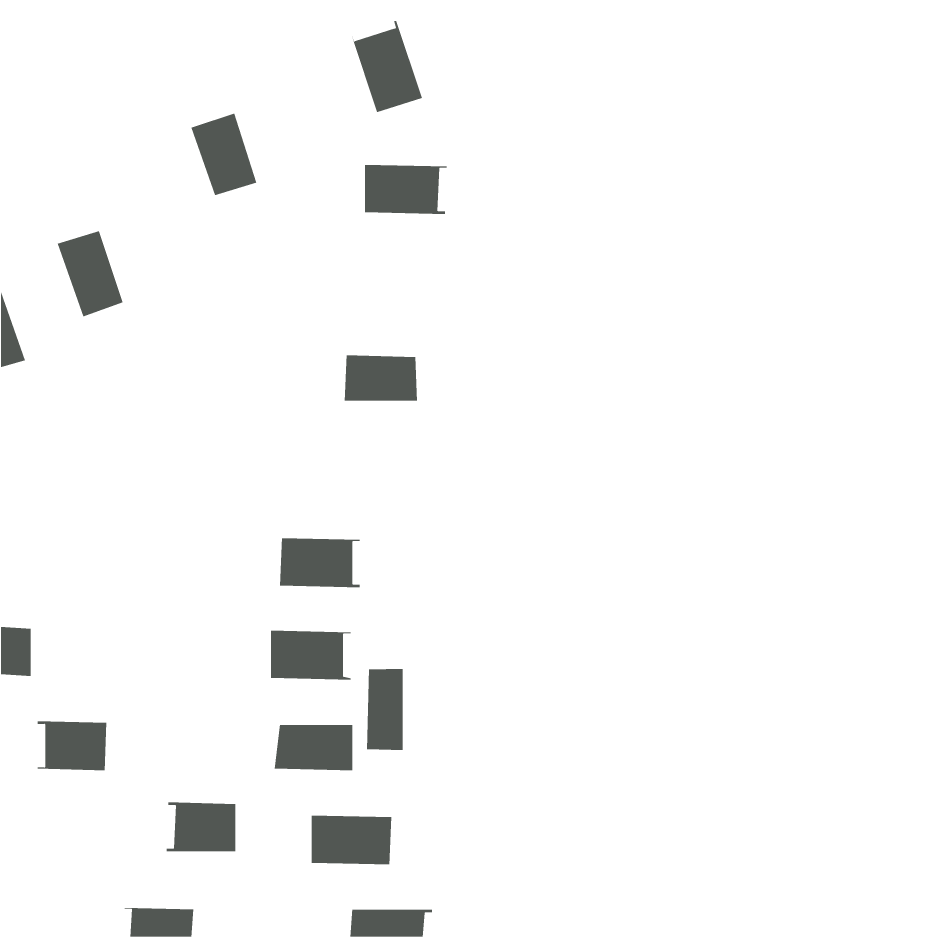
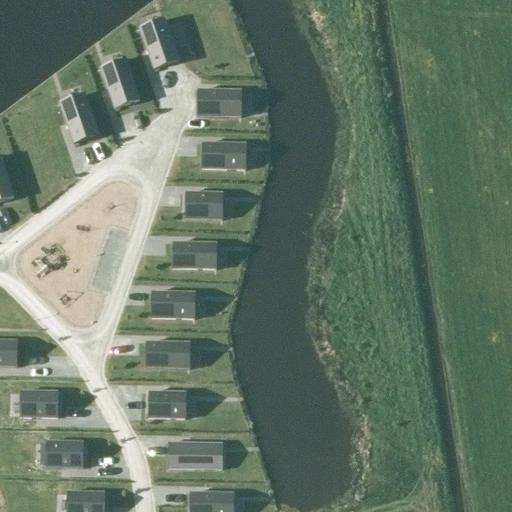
building: [351,21,423,113] -> [140,18,179,68]
building: [57,230,123,317] -> [61,94,97,141]
building: none -> [203,142,243,168]
building: none -> [174,241,213,266]
building: [367,668,403,751] -> none
building: [166,802,236,852] -> [45,440,83,467]

